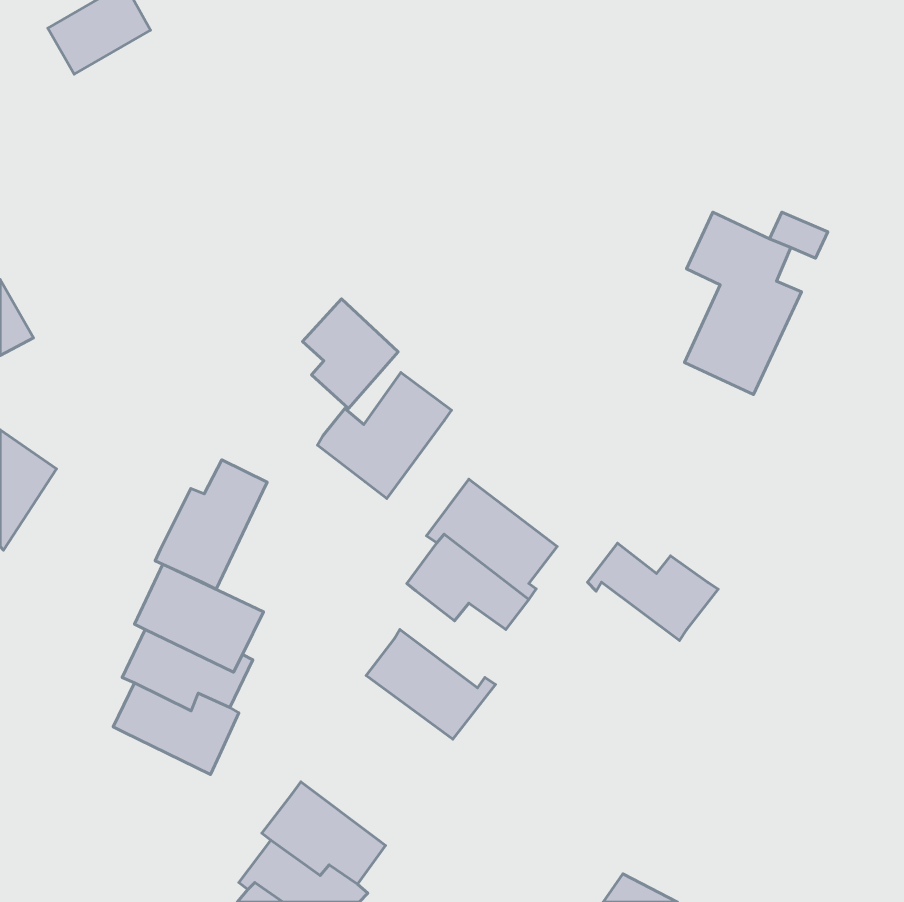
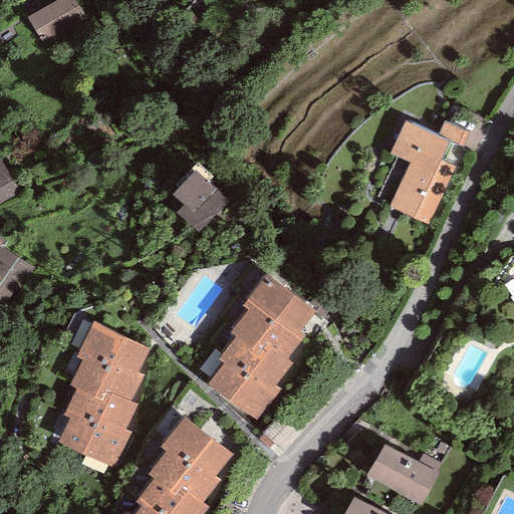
building: [318,372,451,499] -> none
building: [155,460,267,589] -> none
building: [587,543,718,641] -> [219,335,293,391]
building: none -> [57,416,130,467]
building: none -> [161,417,232,477]
building: none -> [366,444,438,505]

